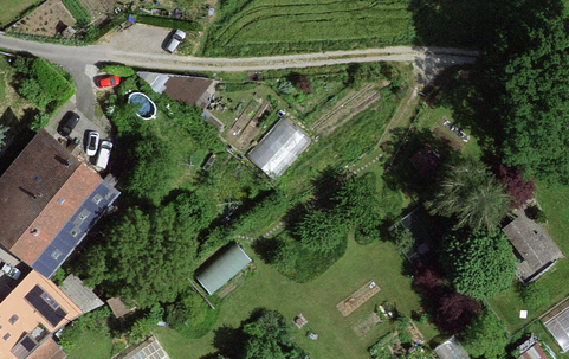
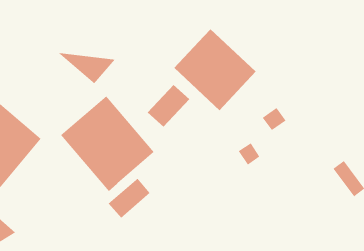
building: none -> [174,28,256,111]
building: none -> [60,95,155,192]

